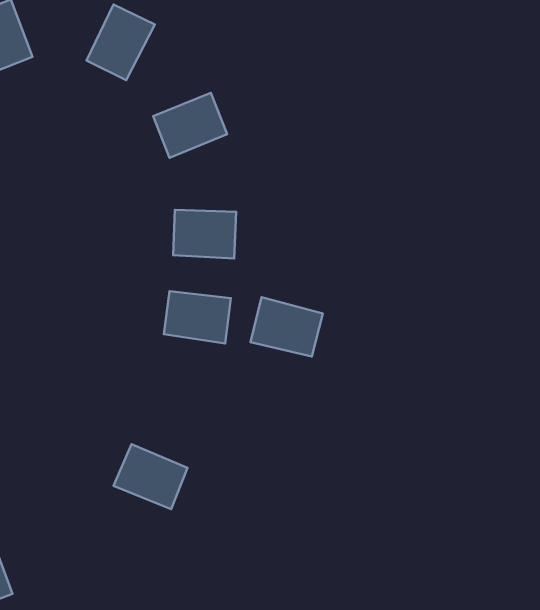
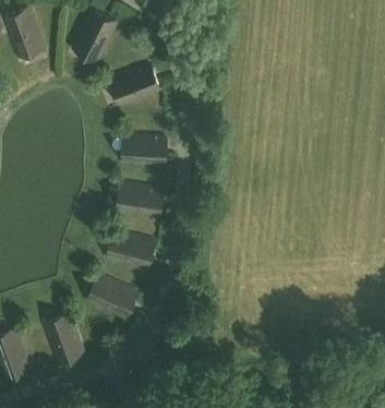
building: [251,297,323,357] -> [111,230,155,266]
building: none -> [45,316,84,361]

